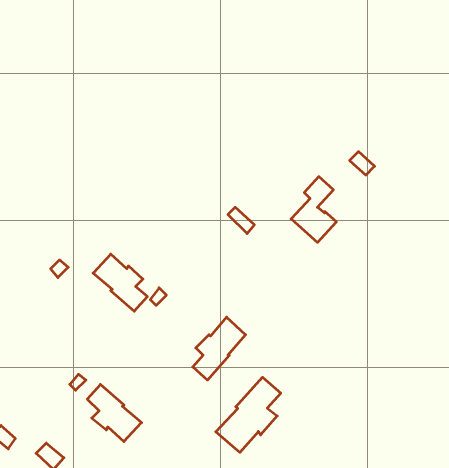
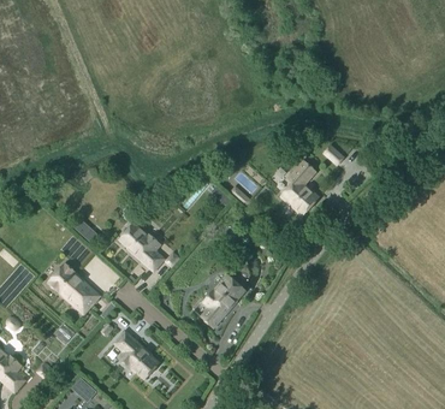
building: none -> [49,263,100,308]
building: [216,377,281,452] -> none

